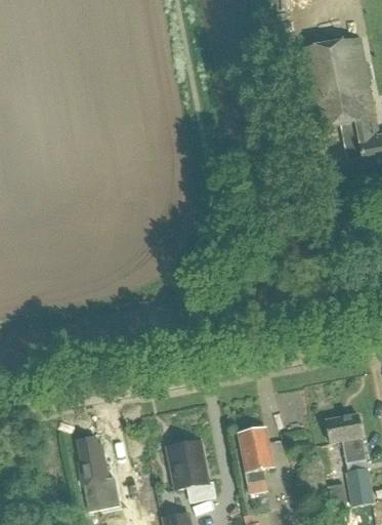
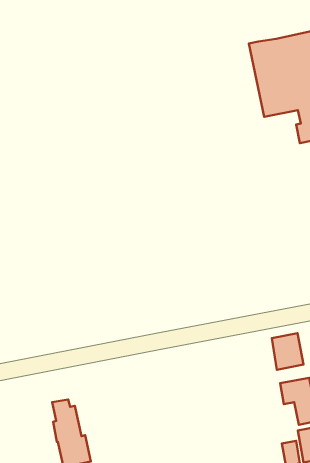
building: none -> [272,333,304,370]
building: [242,429,273,483] -> none
building: [167,440,215,500] -> none

